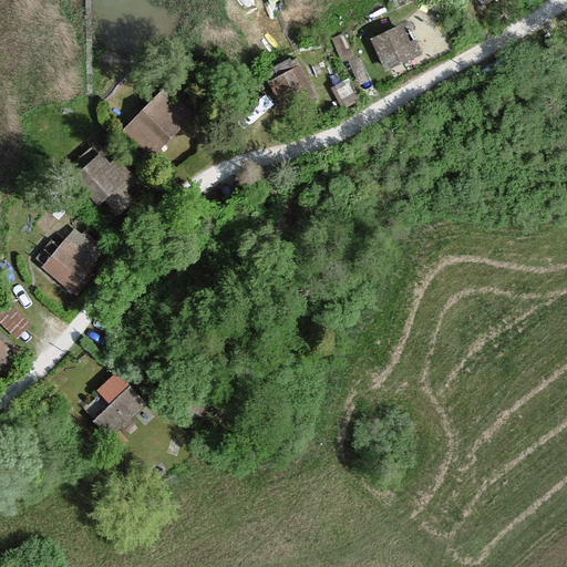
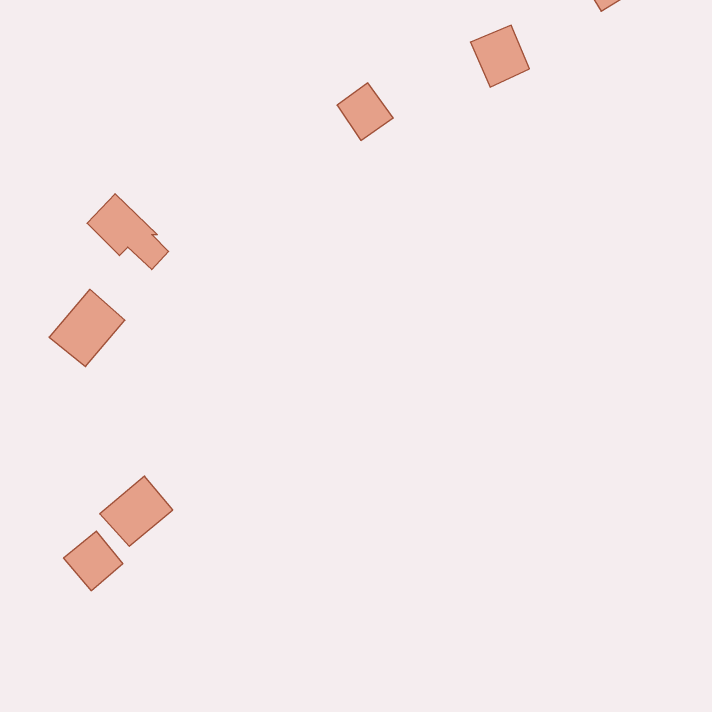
building: [126,95,186,154] -> none
building: none -> [64,531,123,591]

